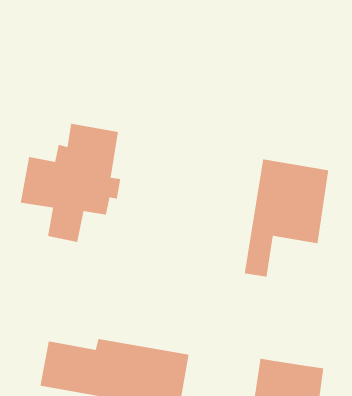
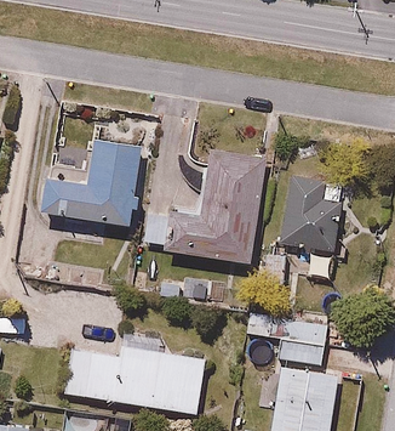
building: none -> [142,149,268,263]
building: none -> [274,314,330,374]

